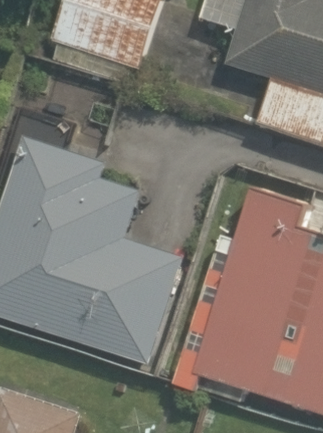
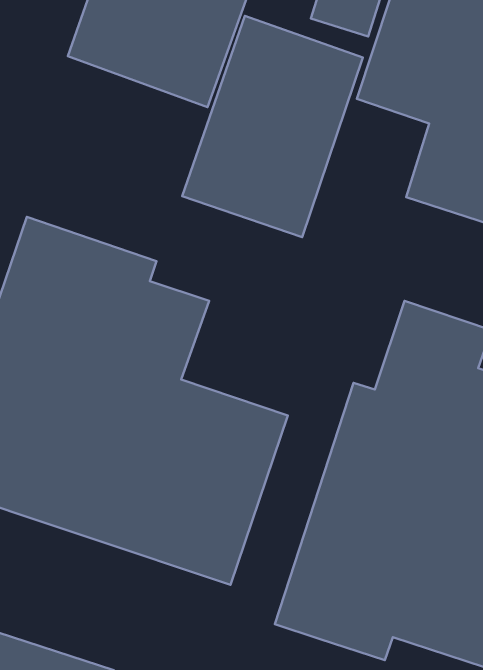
building: none -> [182,16,363,237]

